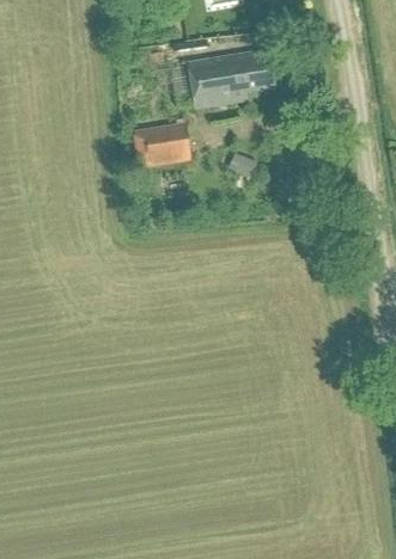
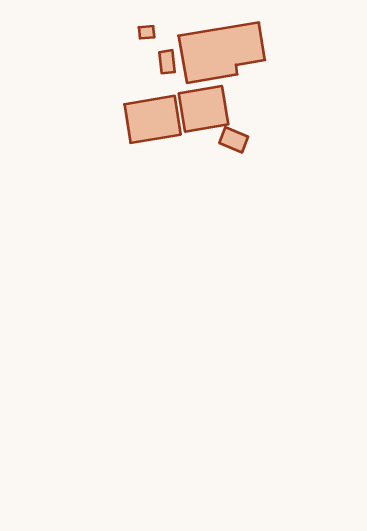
building: none -> [179,86,228,132]

